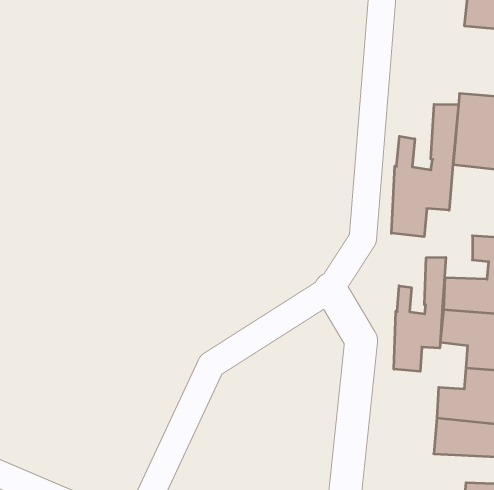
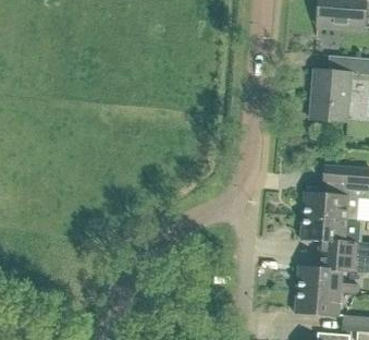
building: [391,104,458,237] -> none
building: [394,257,446,371] -> none

